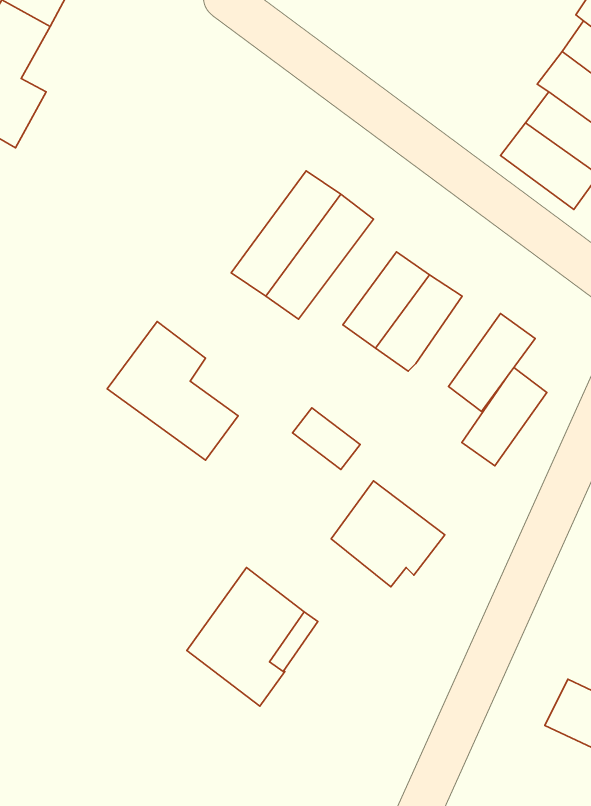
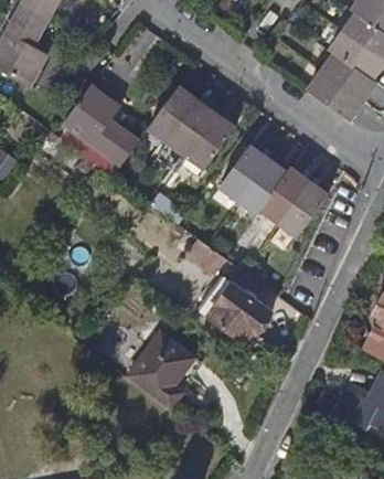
building: none -> [147,86,196,141]
building: [107,322,238,460] -> [63,85,138,164]
building: [462,367,547,466] -> [259,167,308,223]

